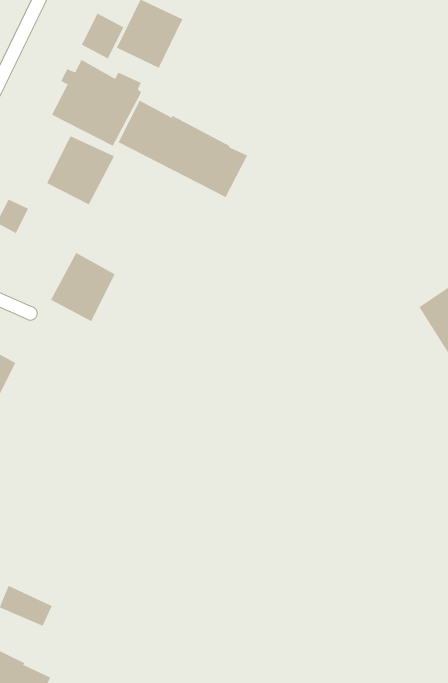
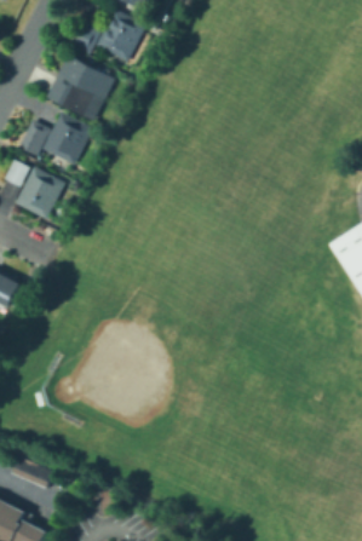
building: [118,100,248,198] -> none
building: none -> [19,120,52,156]
building: [50,252,115,322] -> [16,167,65,220]

